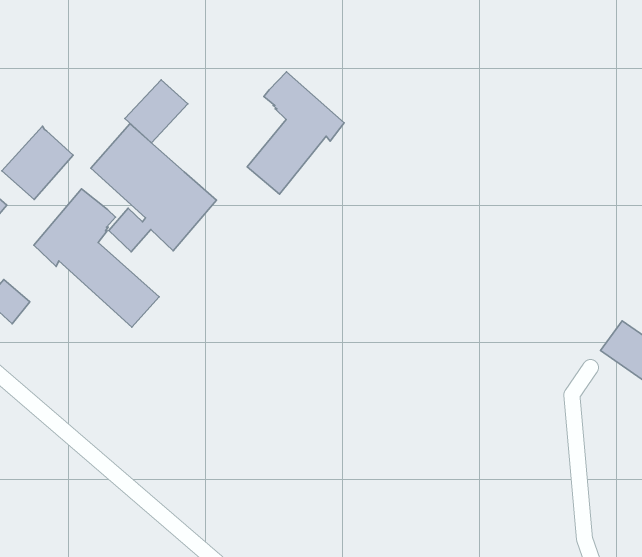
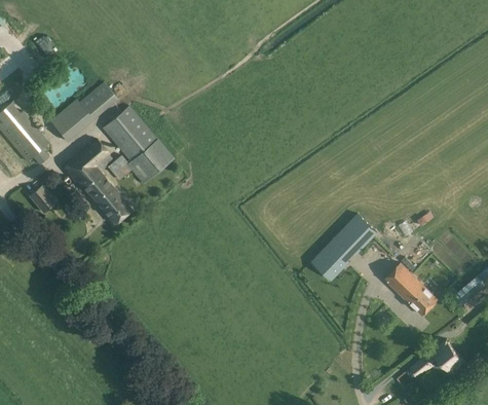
building: [247,72,344,194] -> none
building: [125,80,188,143] -> [79,83,117,119]
building: none -> [314,213,376,275]

